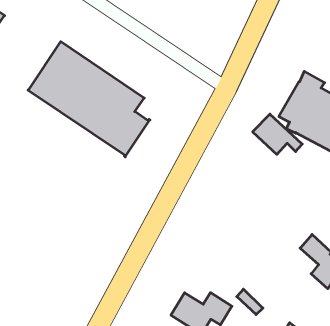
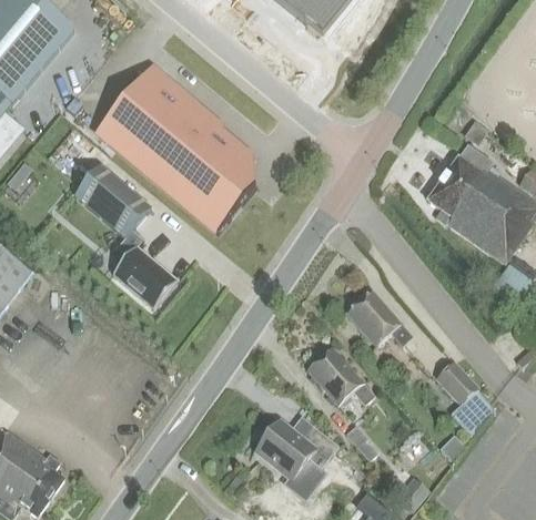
building: [253,114,302,154] -> [347,292,412,346]
building: none -> [74,164,176,308]
building: none -> [309,348,375,405]

